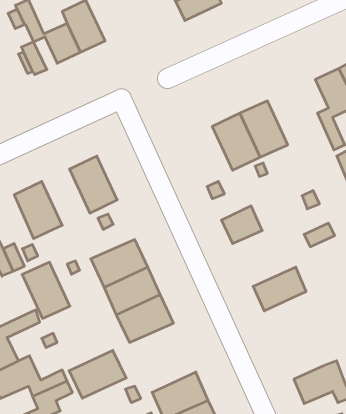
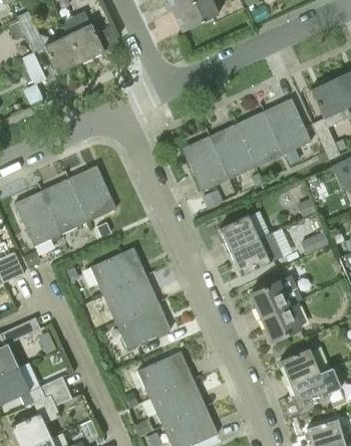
building: none -> [264,98,311,154]
building: none -> [183,136,230,191]
building: none -> [230,228,293,275]
building: [22,262,70,318] -> [42,178,89,233]
building: none -> [261,304,300,342]
building: none -> [280,348,319,385]
building: [69,350,126,398] -> [137,351,194,398]

